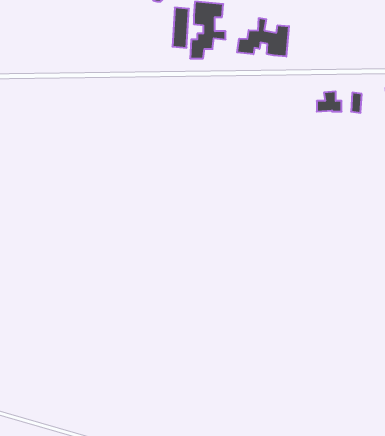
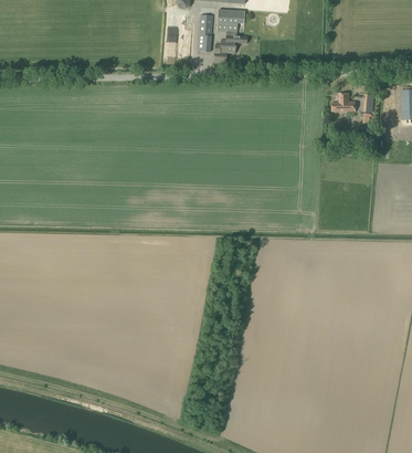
building: [237,18,289,57] -> none

